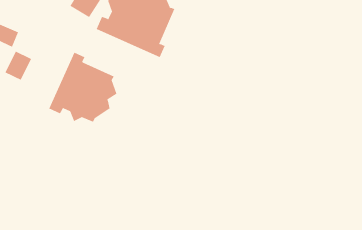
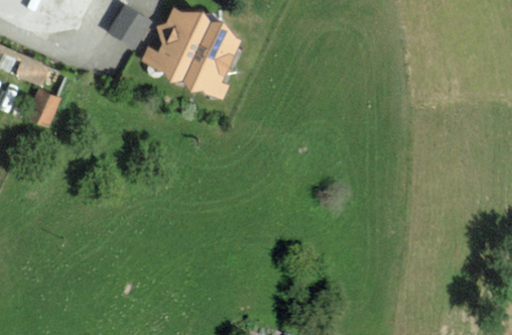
building: [49,52,117,123] -> none

